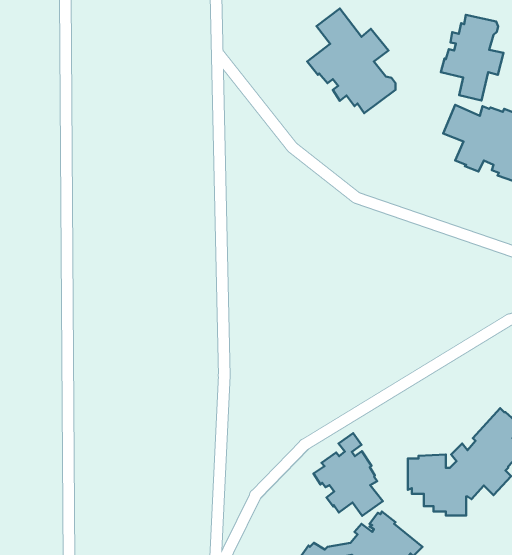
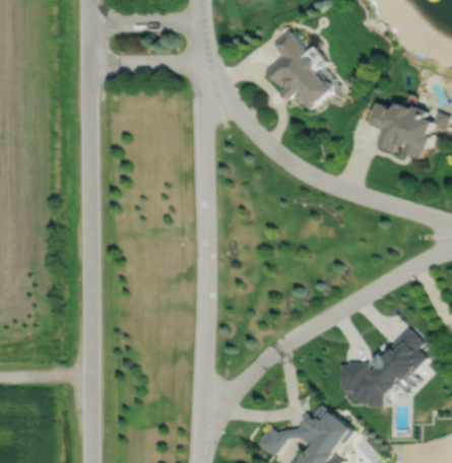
building: [441,15,504,100] -> none
building: [313,433,383,516] -> none

